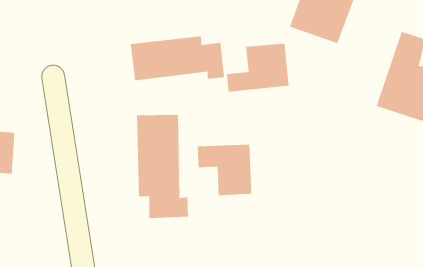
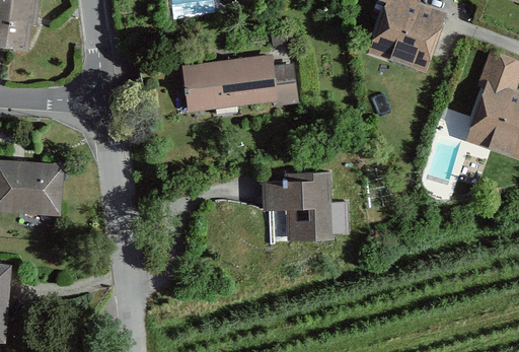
building: [227,43,289,92] -> none
building: [136,114,189,219] -> none

